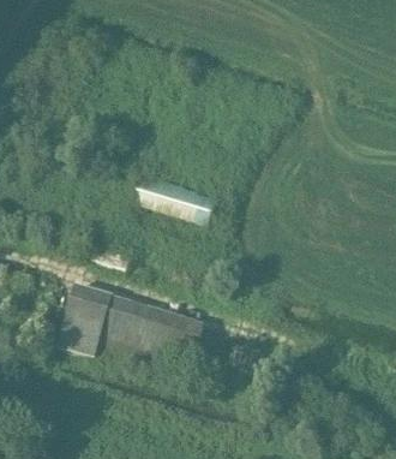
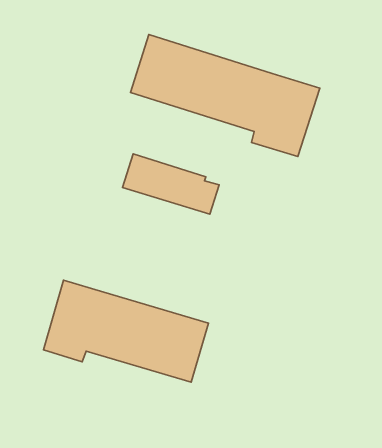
building: none -> [130,34,320,156]

